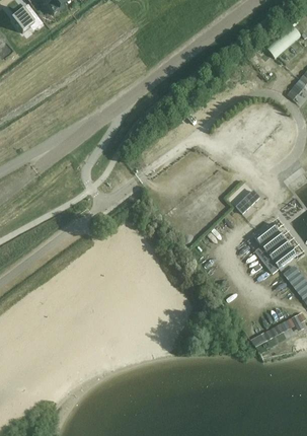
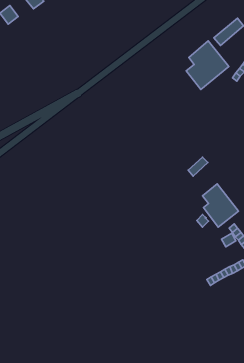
building: none -> [186,41,229,90]

